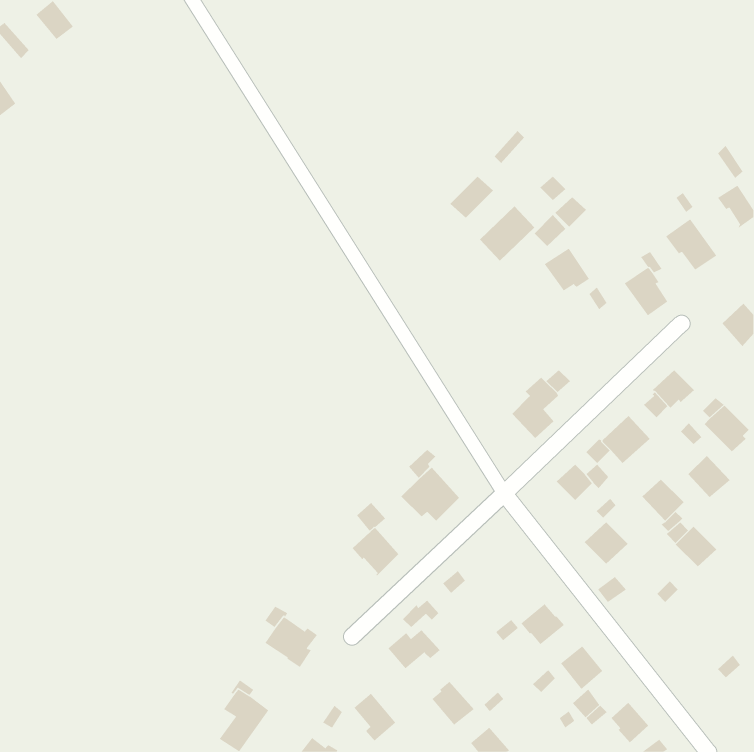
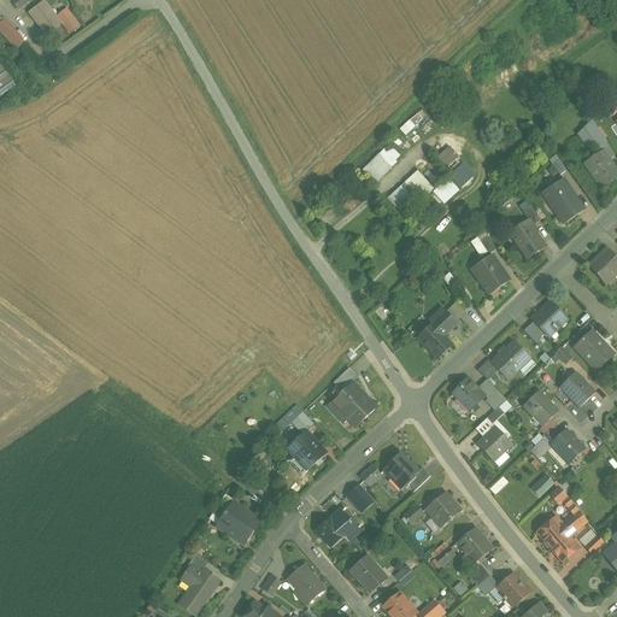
building: [544,248,590,295] -> [471,254,509,293]
building: none -> [382,453,416,487]
building: none -> [537,484,587,560]

